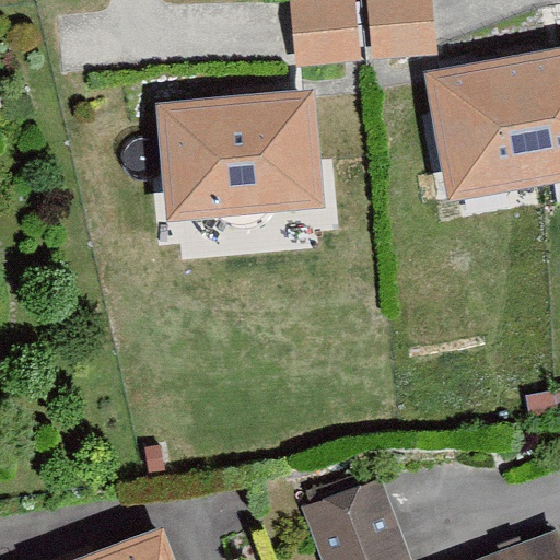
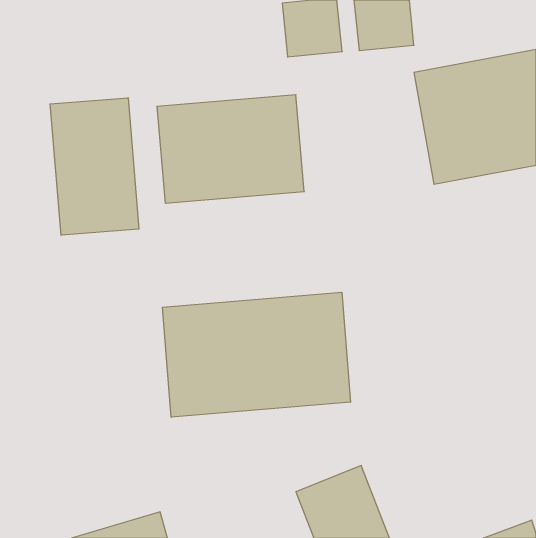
building: none -> [50,98,139,235]
building: none -> [163,292,350,417]

